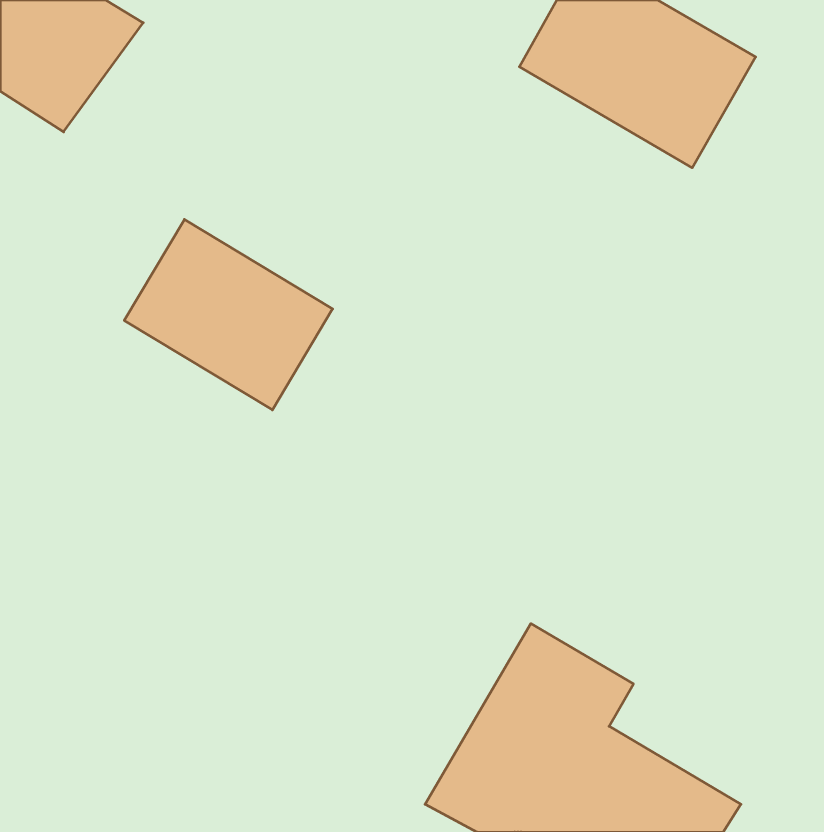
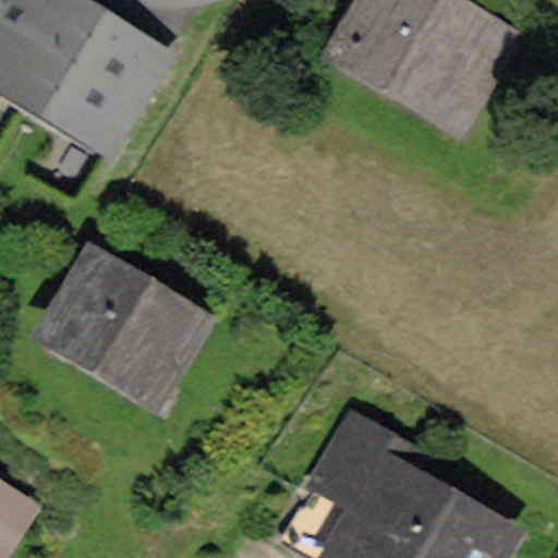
building: none -> [48,12,163,131]
building: [124,219,333,410] -> [59,262,198,389]

